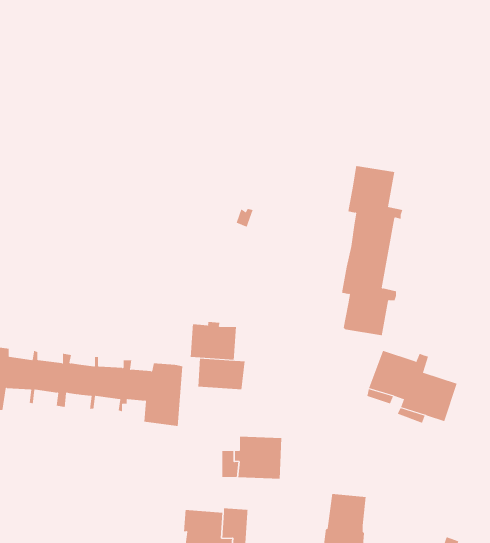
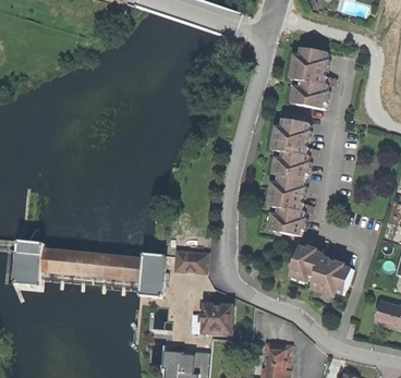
building: none -> [294,48,332,109]
building: [190,321,236,360] -> none

